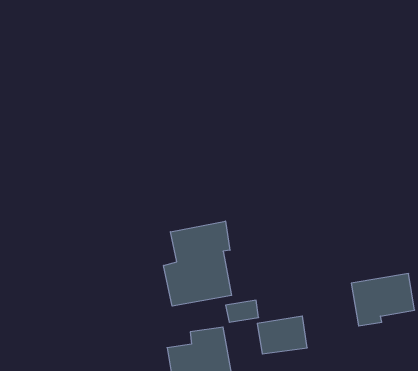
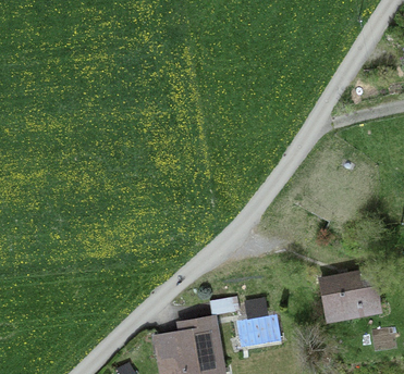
building: [164,221,232,306] -> none

